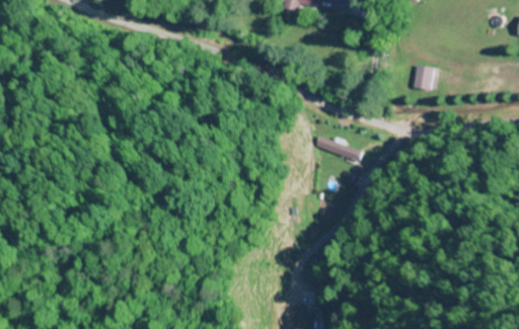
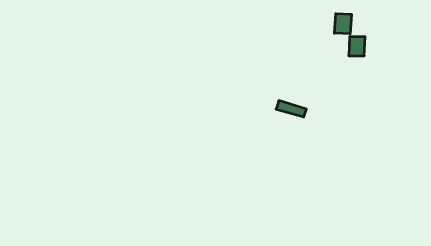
building: none -> [334,14,351,34]

